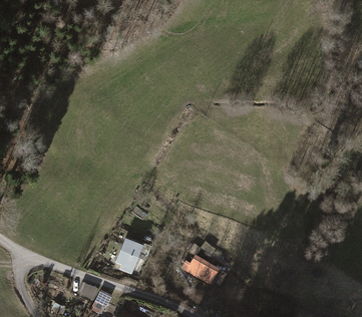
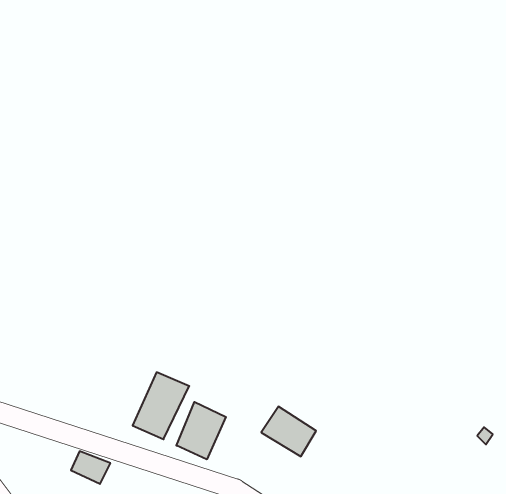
building: none -> [176,402,226,459]

